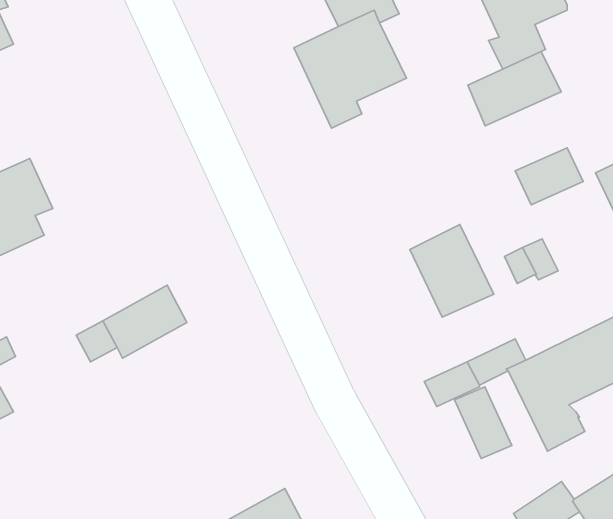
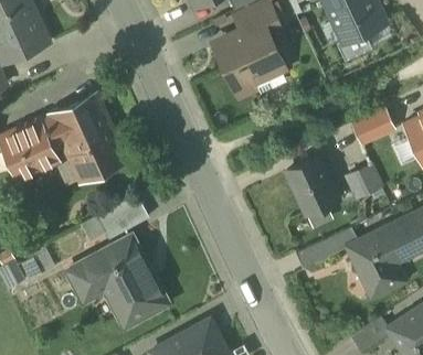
building: [468,52,561,126] -> none
building: none -> [52,96,126,180]
building: none -> [67,236,168,325]
building: [454,387,512,459] -> none

